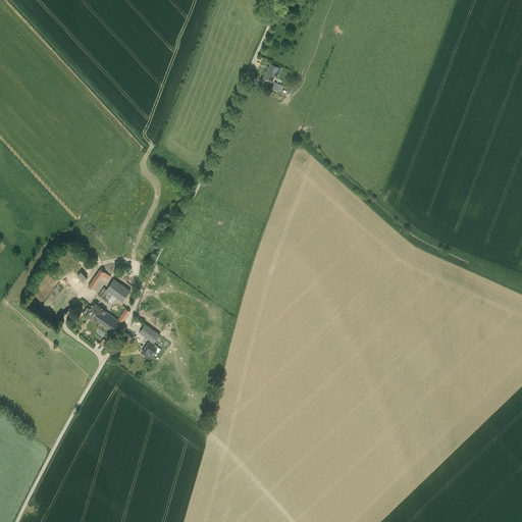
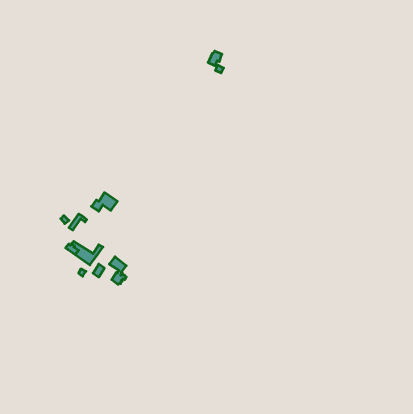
building: [97,278,129,302] -> [91,193,117,211]

